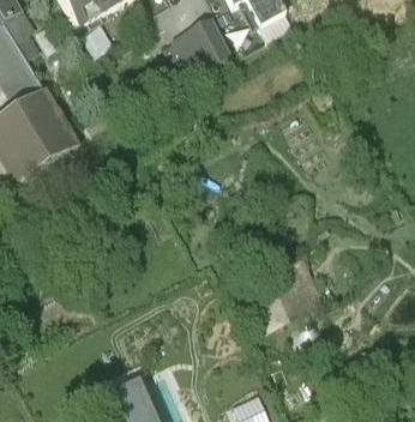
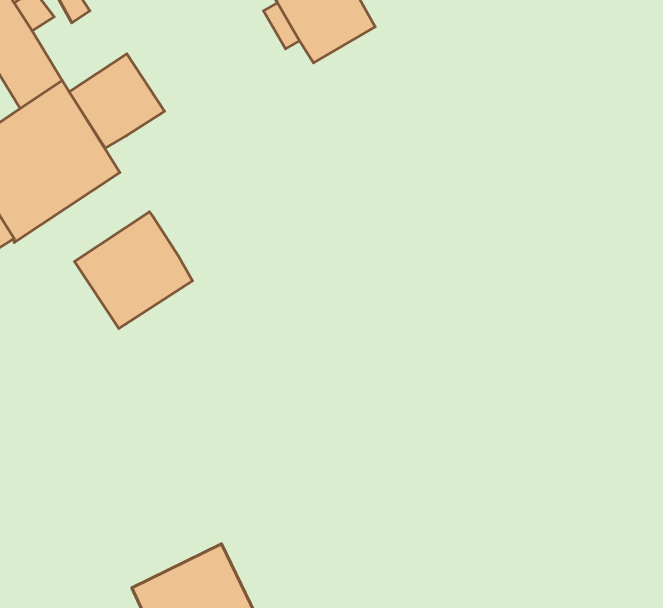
building: none -> [69,54,164,148]
building: none -> [75,212,193,328]

